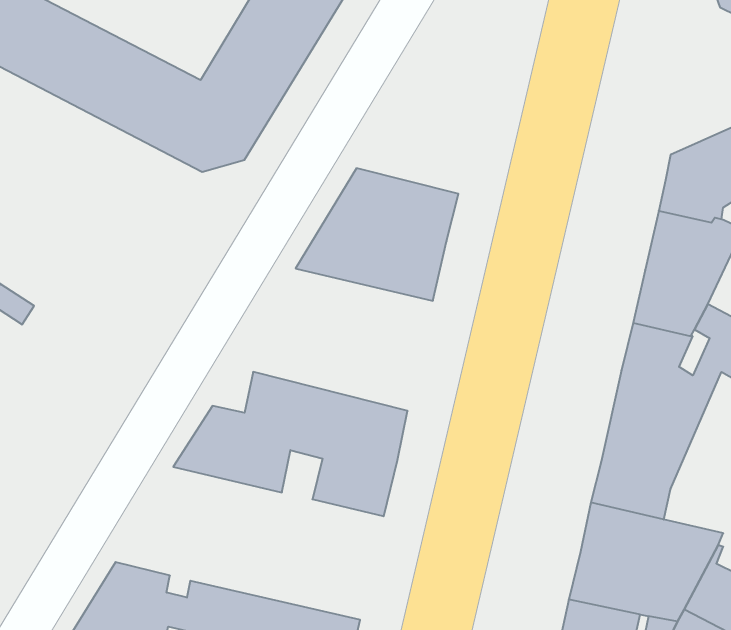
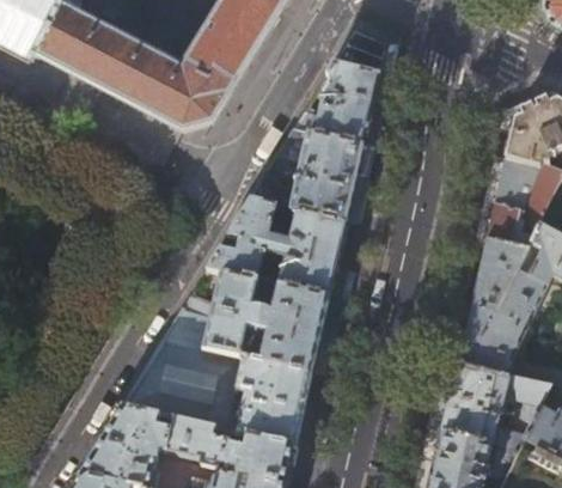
building: none -> [293,26,389,144]
building: none -> [208,196,347,297]
building: none -> [123,336,312,444]

